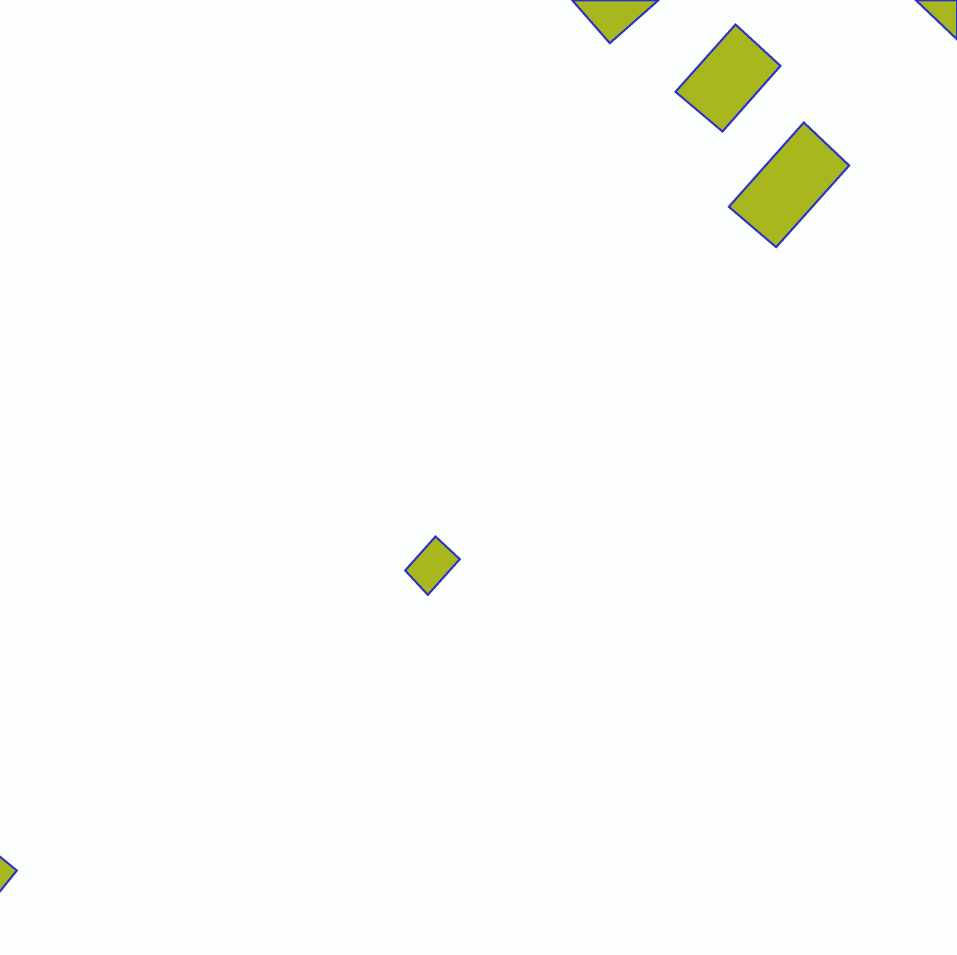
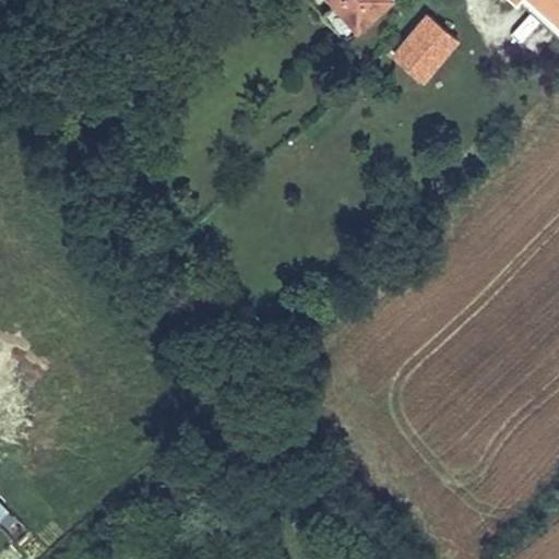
building: [729,122,849,247] -> none

